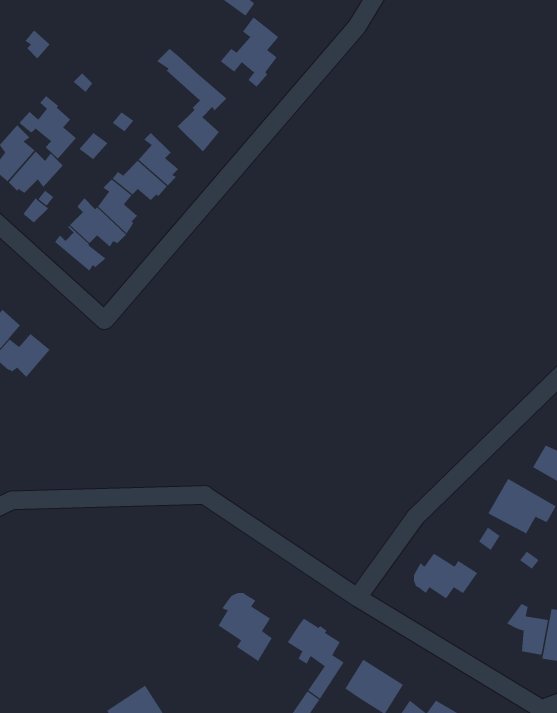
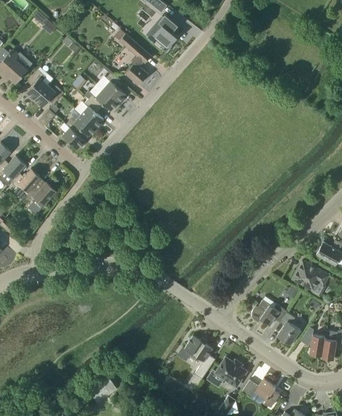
building: [19,95,77,159] -> none
building: none -> [276,312,300,345]
building: [218,592,273,662] -> none

